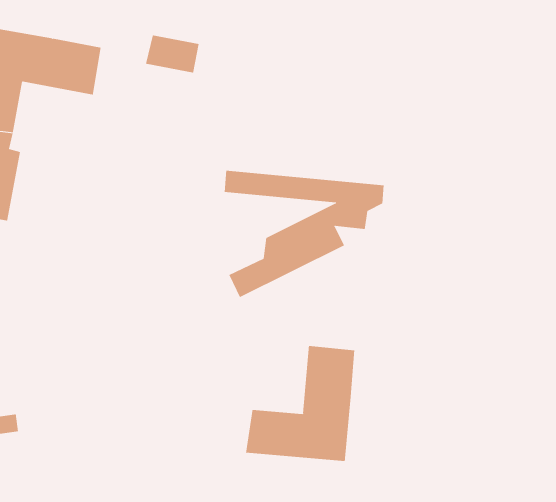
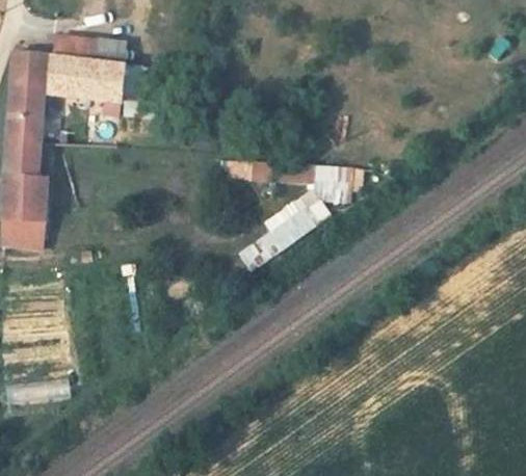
building: [145,35,199,73] -> [74,35,119,65]
building: [246,345,355,462] -> none

